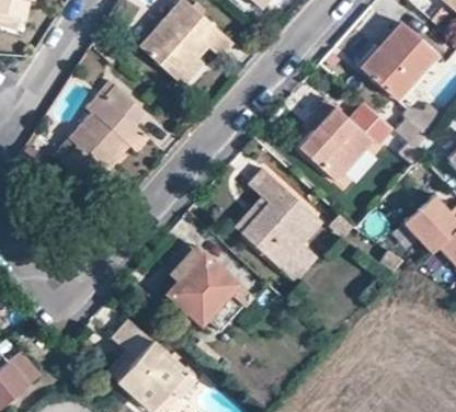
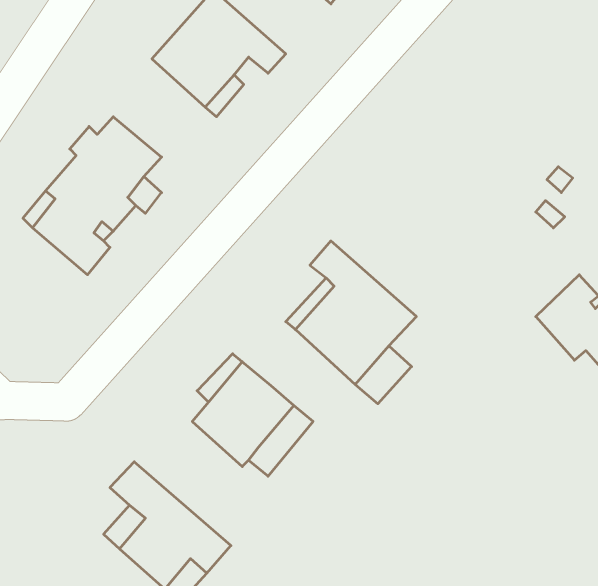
building: [362,22,436,99] -> none
building: [299,96,392,179] -> none

